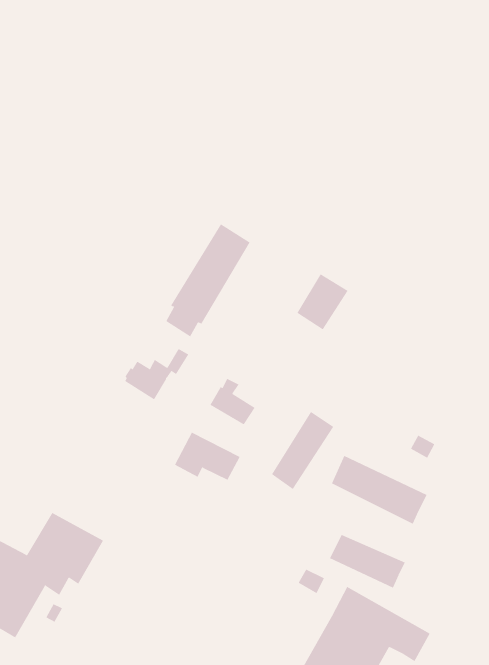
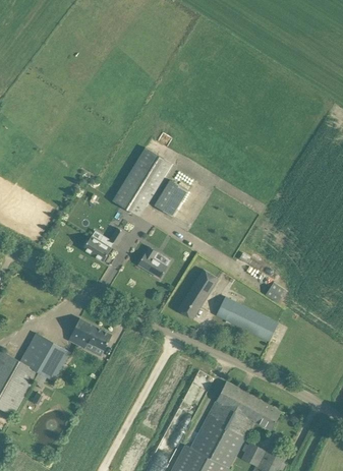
building: [296,273,349,330] -> [154,180,187,217]
building: [174,432,240,481] -> [68,318,111,350]
building: [329,534,406,588] -> none

